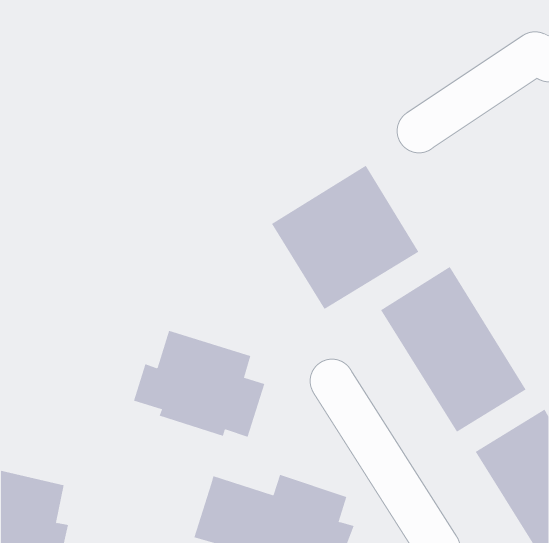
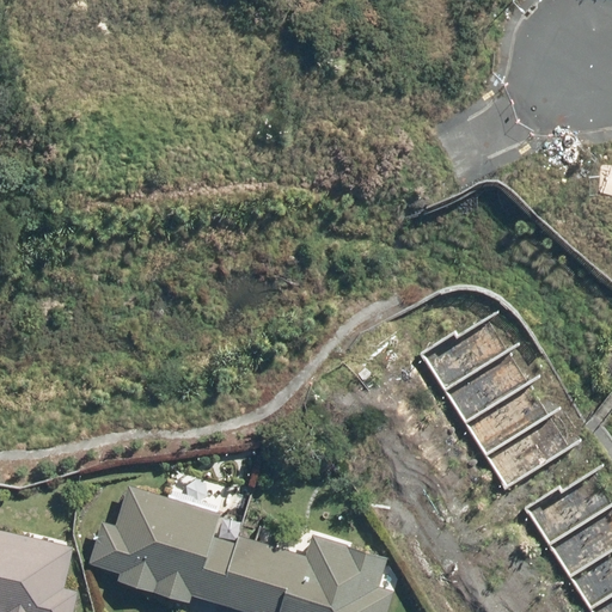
building: [271,165,419,310] -> none
building: [133,330,265,437] -> [87,485,234,605]

